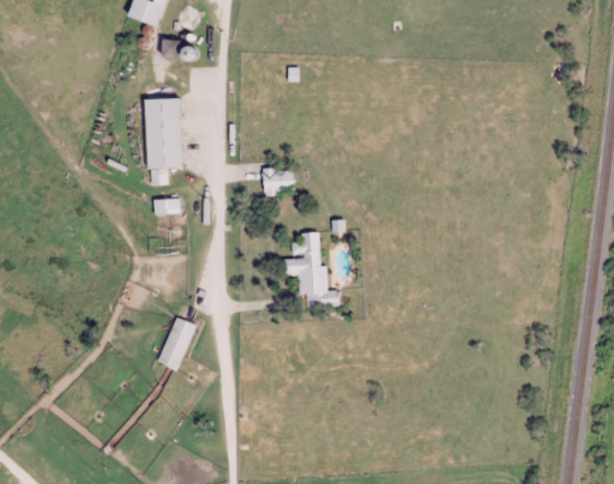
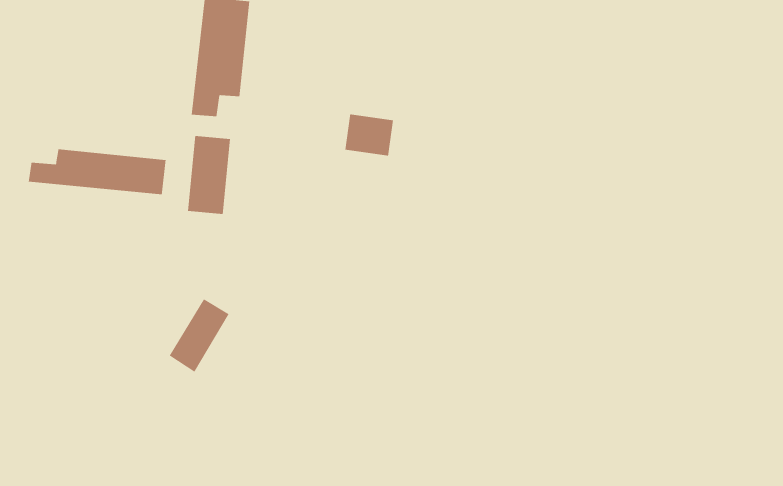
building: none -> [28,148,166,195]
building: [276,230,341,307] -> none

